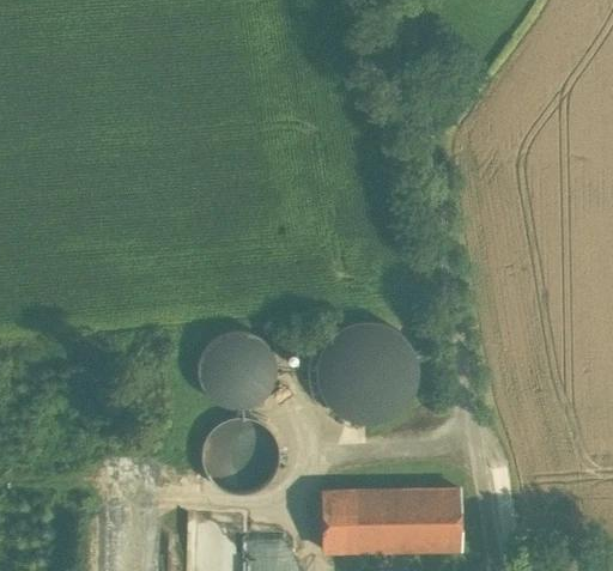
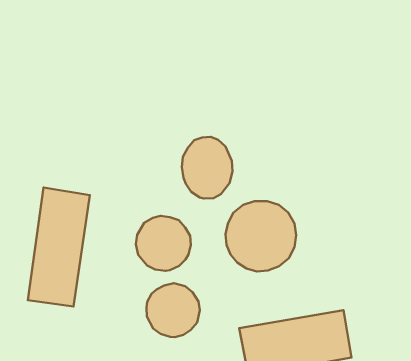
building: none -> [182,137,233,199]
building: none -> [28,188,90,306]

